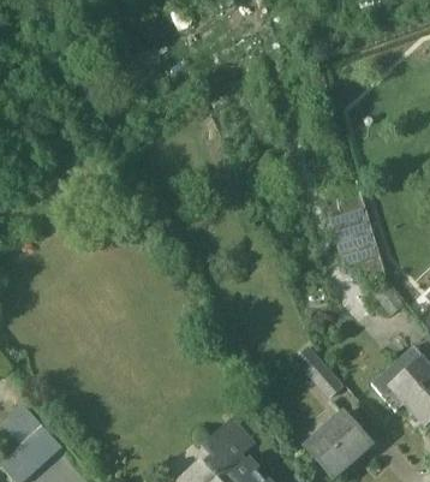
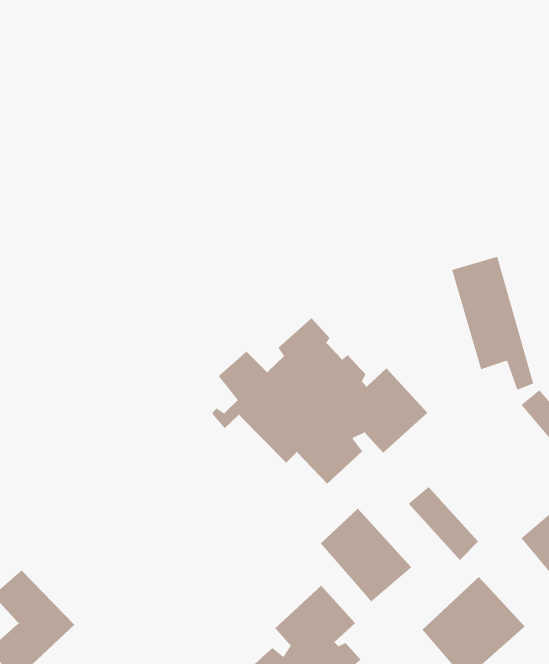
building: none -> [211,318,428,485]
building: none -> [320,508,412,603]

